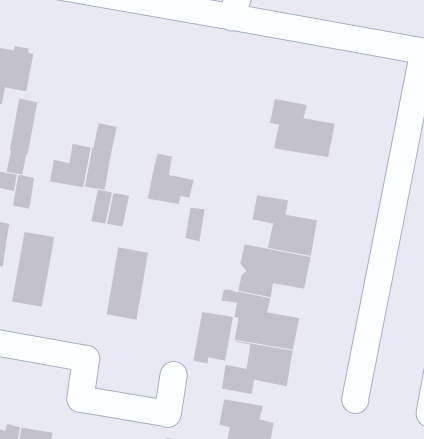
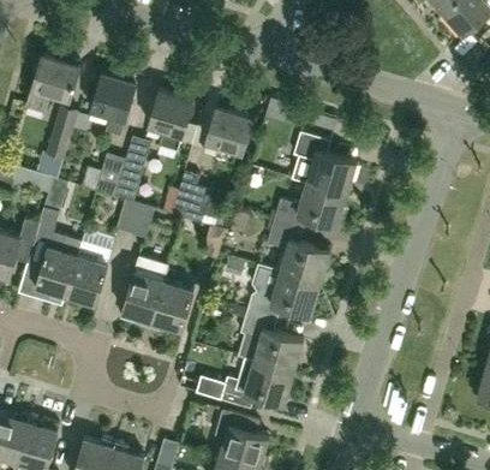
building: none -> [90,72,136,136]
building: none -> [148,90,191,151]
building: none -> [202,107,257,159]
building: none -> [274,183,346,230]
building: none -> [61,240,110,305]
building: [193,311,234,364] -> [149,281,192,332]

